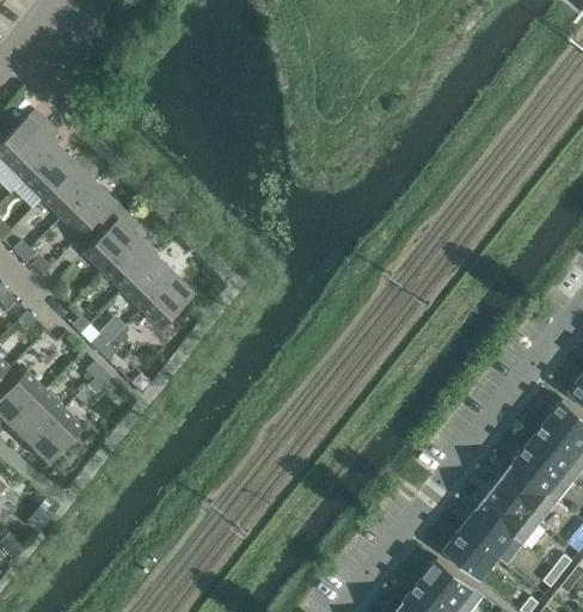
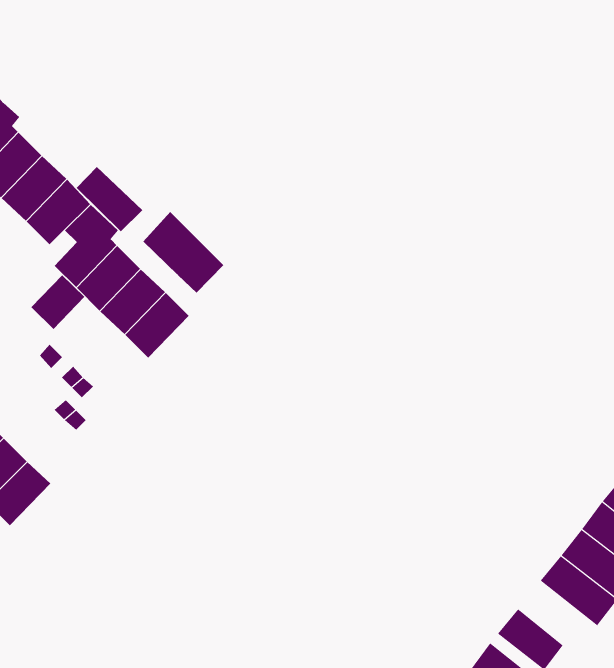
building: none -> [76,166,143,232]
building: none -> [143,211,224,294]
building: none -> [31,274,85,330]
building: [460,507,524,559] -> none

